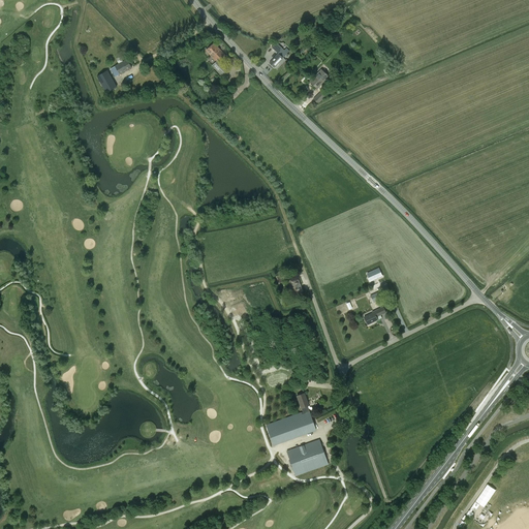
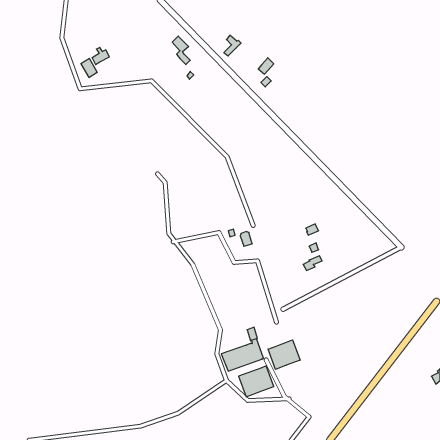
building: none -> [268,340,300,369]

